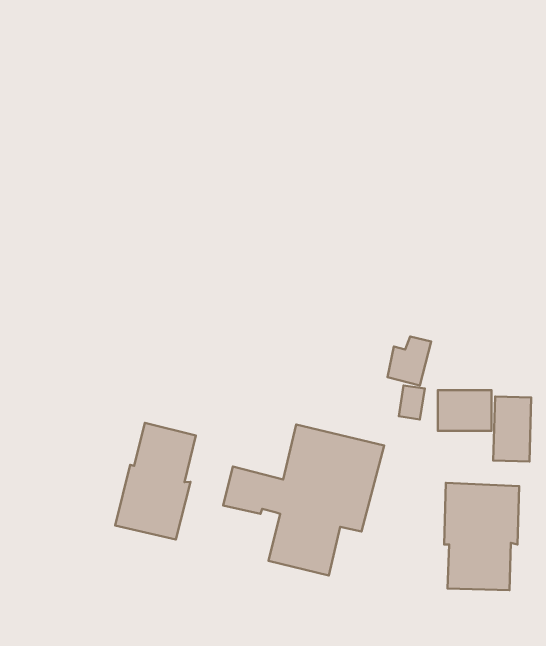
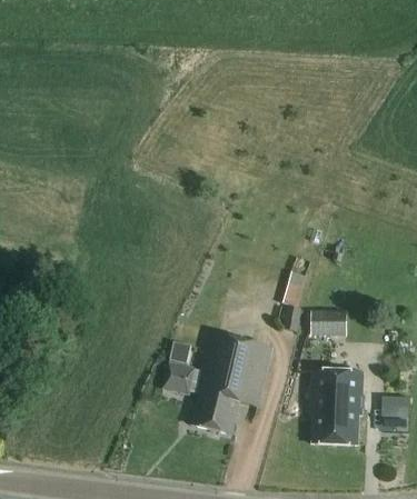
building: [493,397,531,462] -> none
building: [115,423,196,539] -> none

